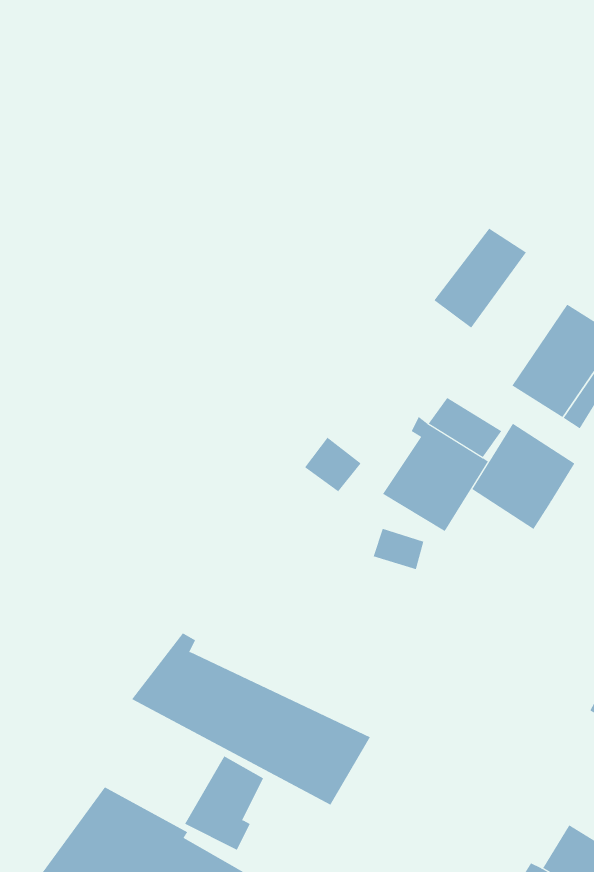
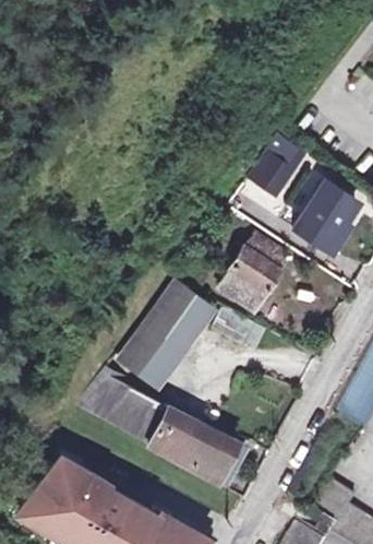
building: [471,423,575,530] -> none
building: none -> [123,283,214,383]
building: [184,755,264,850] -> [193,430,239,485]

